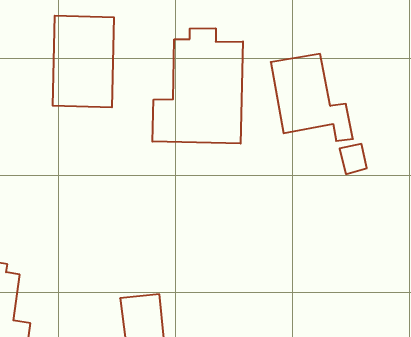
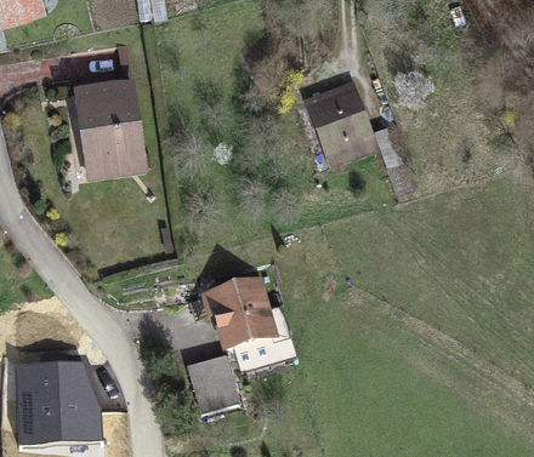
building: [152,28,243,144] -> none
building: none -> [204,278,294,372]

